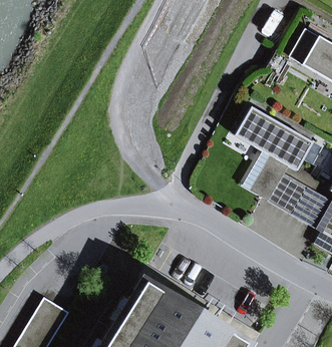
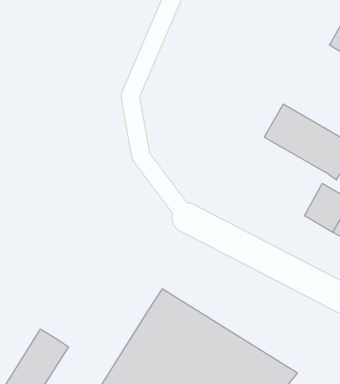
building: [243,151,290,202] -> none

